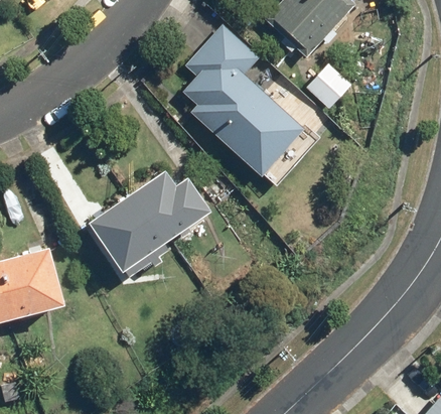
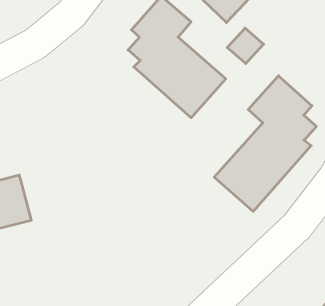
building: none -> [214,76,316,211]
building: [87,171,208,277] -> none

